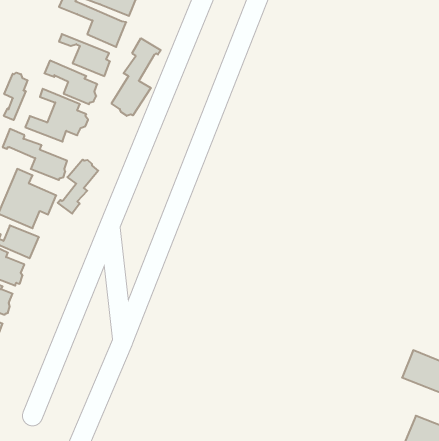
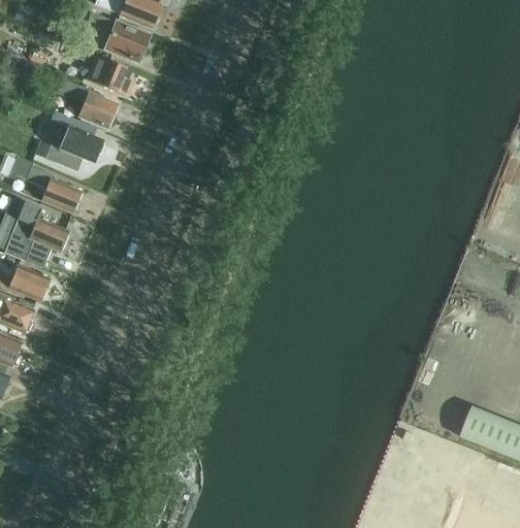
building: [112,38,161,116] -> none
building: [4,73,28,120] -> none
building: [58,160,98,214] -> none

